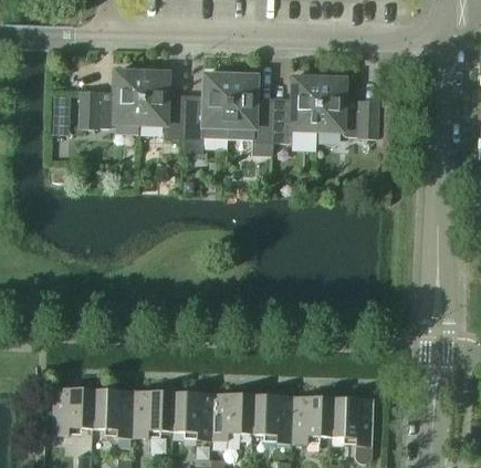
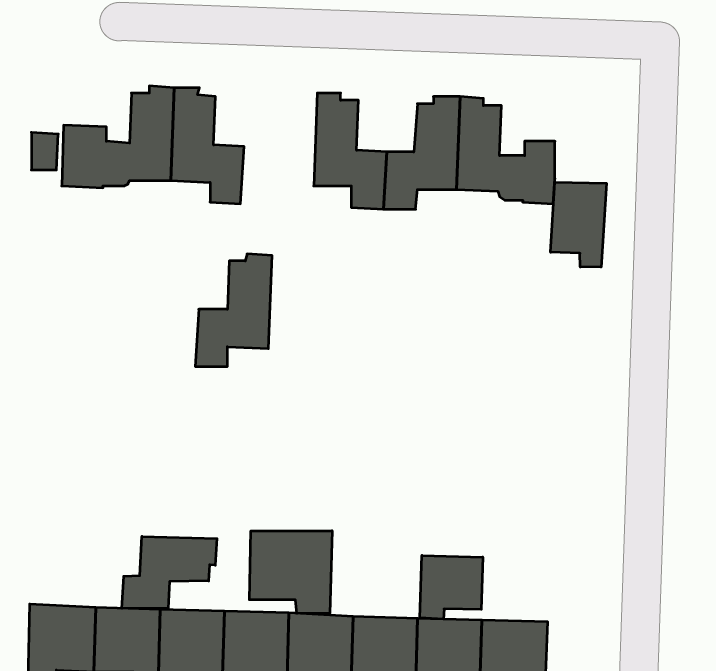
building: [184,70,231,139] -> [195,254,272,366]
building: none -> [551,182,606,267]
building: none -> [249,531,332,613]
building: none -> [122,536,217,608]
building: none -> [420,555,483,619]

